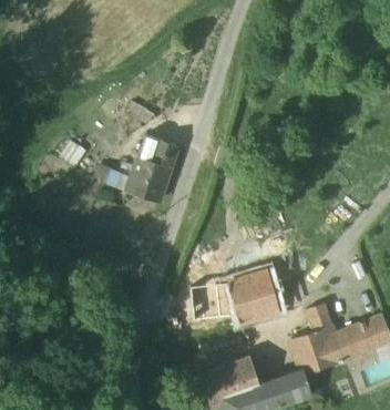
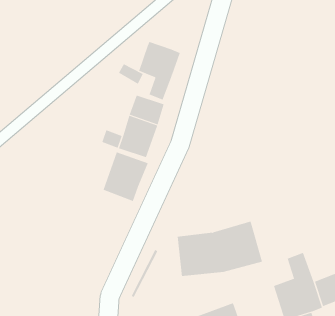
building: none -> [138,41,180,101]
building: none -> [103,152,148,202]

